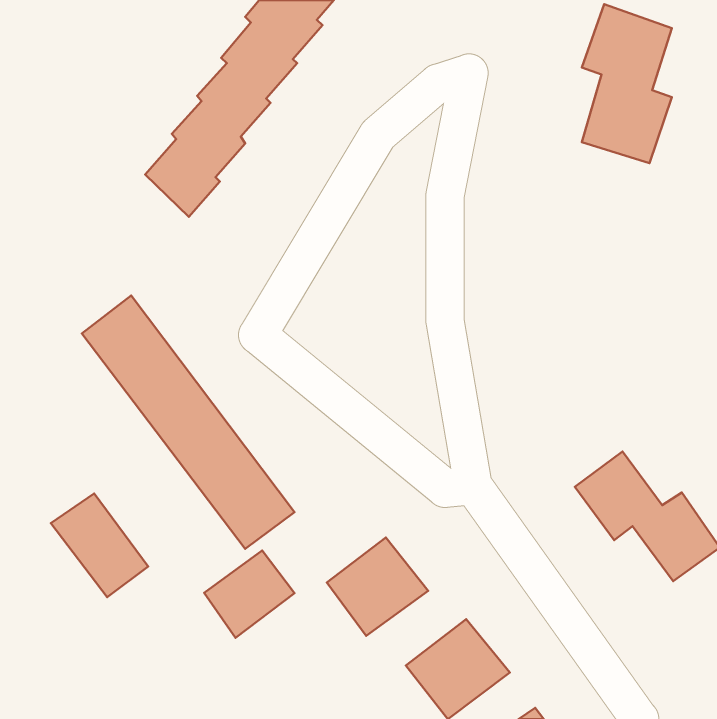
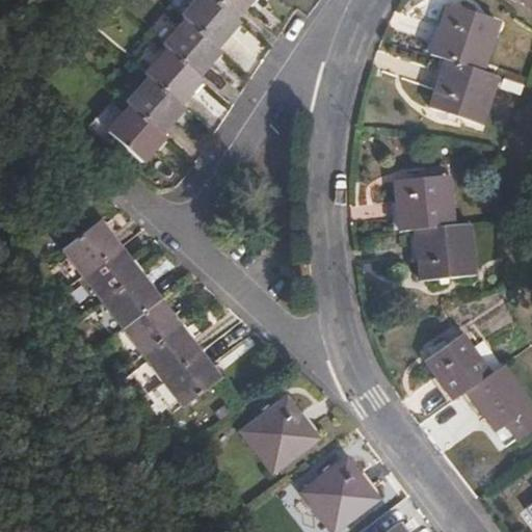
building: none -> [396,175,475,278]
building: [51,494,148,597] -> none
building: [204,550,294,638] -> none

